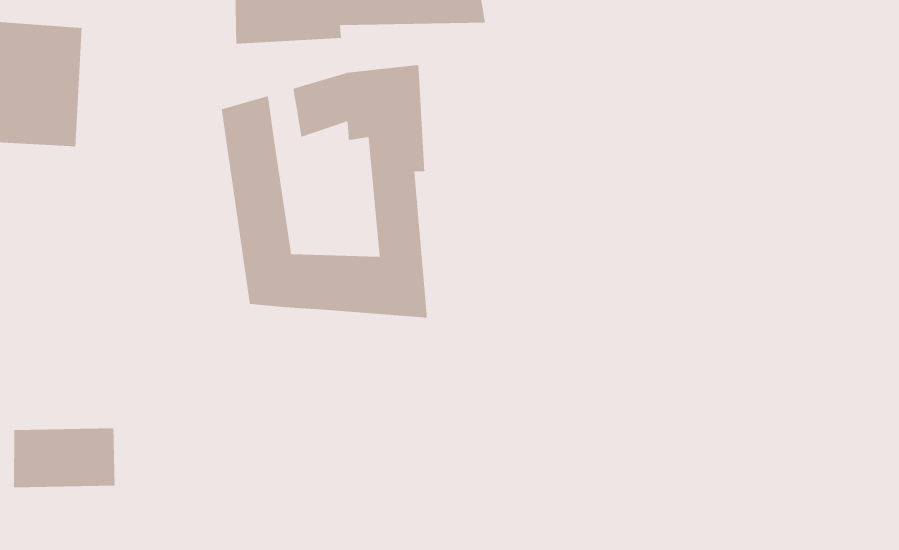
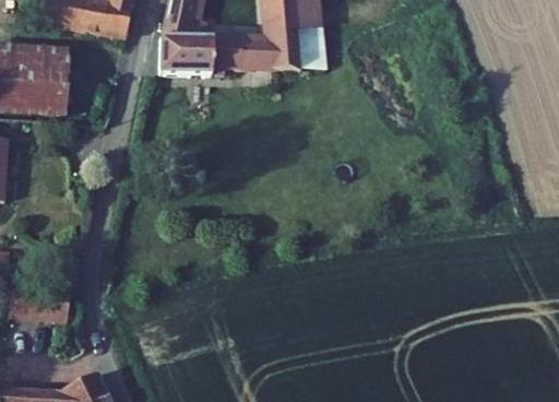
building: [221,64,428,318] -> none

